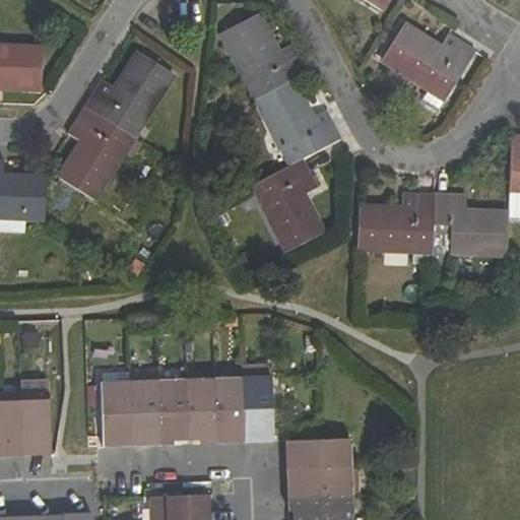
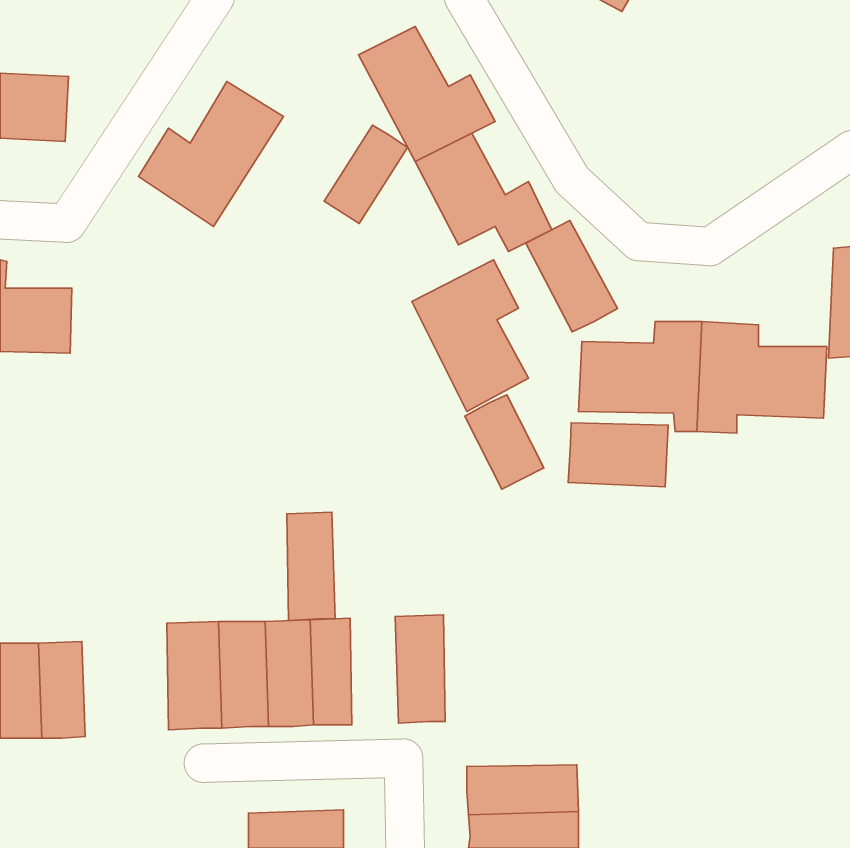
building: [381,25,473,108] -> none
building: none -> [324,125,407,224]
building: [59,108,131,198] -> none
building: none -> [526,221,617,332]
building: none -> [465,395,544,489]
building: none -> [568,423,668,487]
building: [214,376,244,442] -> [287,512,335,620]
building: [284,438,352,467] -> none

